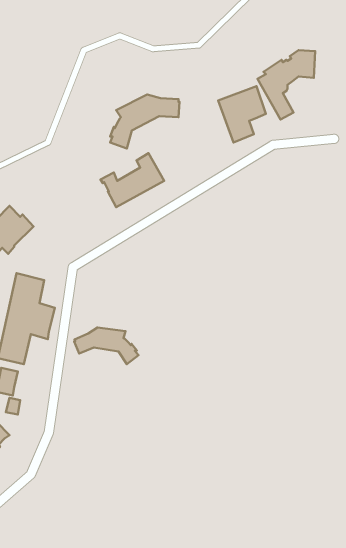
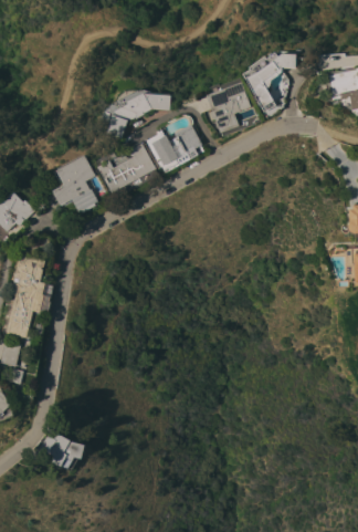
building: none -> [146,124,202,171]
building: none -> [53,155,98,211]
building: [74,327,138,364] -> none
building: none -> [36,432,84,471]

